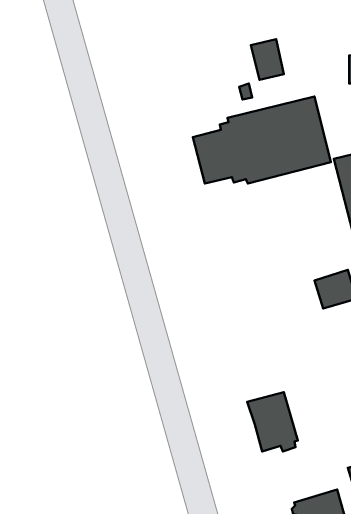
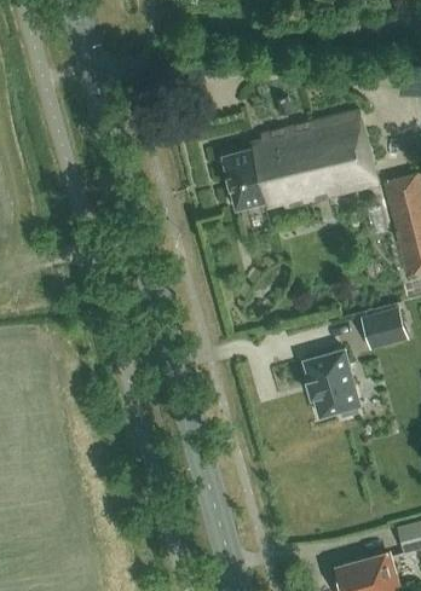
building: [251,39,284,80] -> none
building: [247,392,298,451] -> [301,348,358,415]

